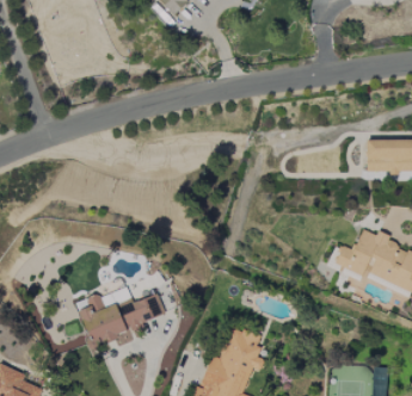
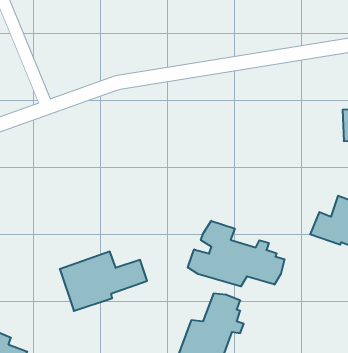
building: none -> [188,221,285,286]

